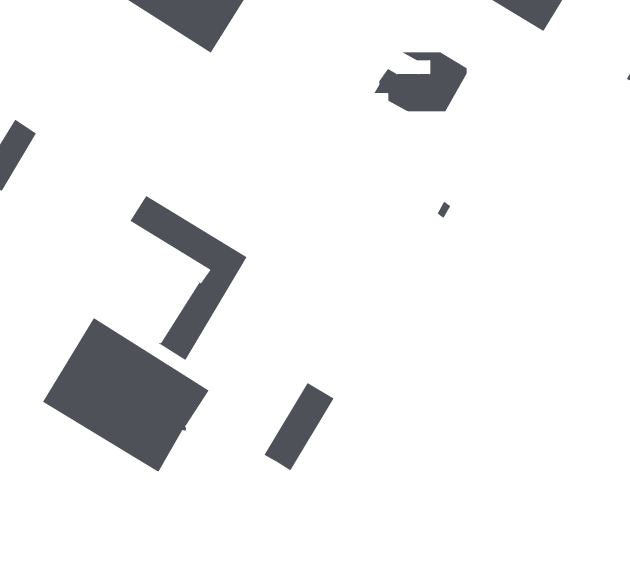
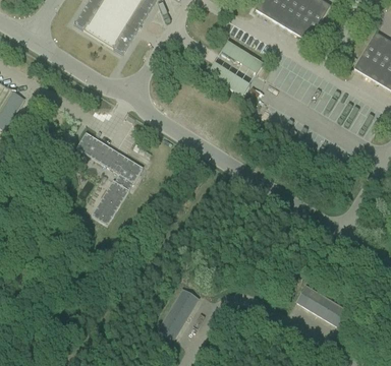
building: [42,317,209,472] -> none
building: [264,382,335,471] -> [158,289,198,339]
building: none -> [296,285,346,325]

